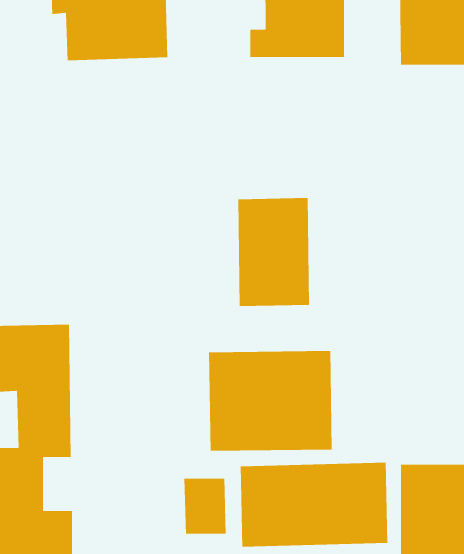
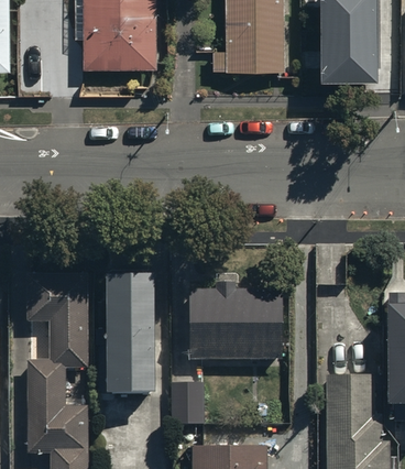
building: [238,197,310,307] -> none
building: none -> [105,266,153,388]
building: [240,462,388,548] -> none

